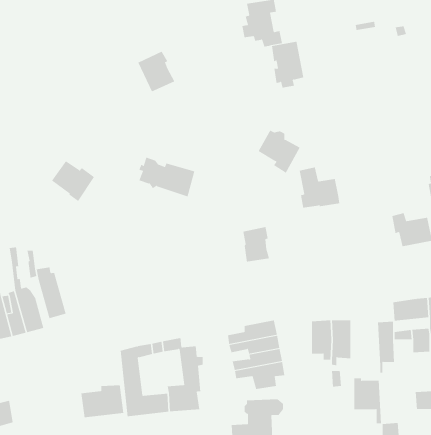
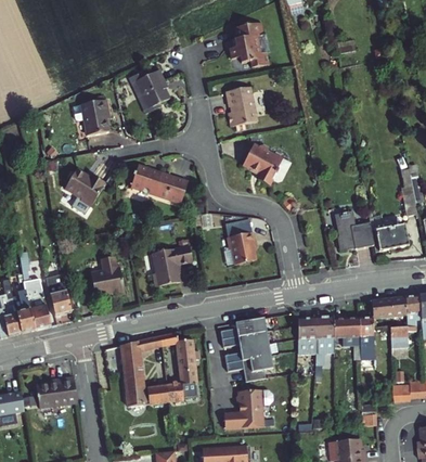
building: [271,41,304,88] -> [228,86,258,129]
building: none -> [72,99,108,134]
building: [299,167,340,208] -> [336,210,374,248]
building: none -> [155,243,195,283]
building: none -> [95,254,127,292]
building: [354,378,382,424] -> [333,317,359,359]
building: [80,385,124,418] -> [36,376,76,407]

